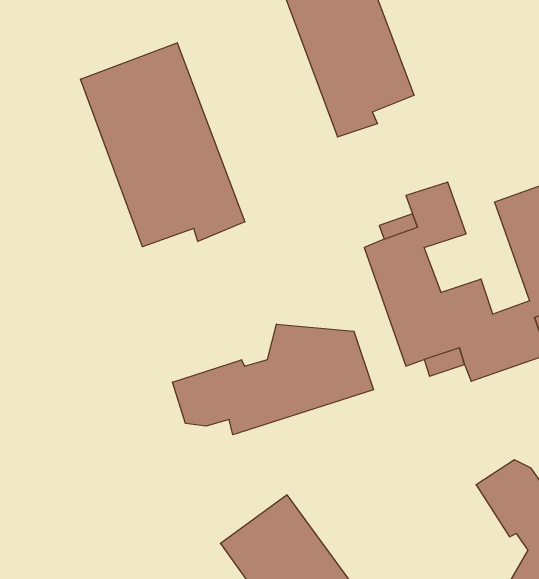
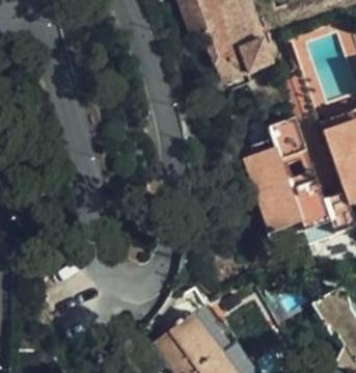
building: [81,43,245,247] -> none
building: [172,324,373,435] -> none

